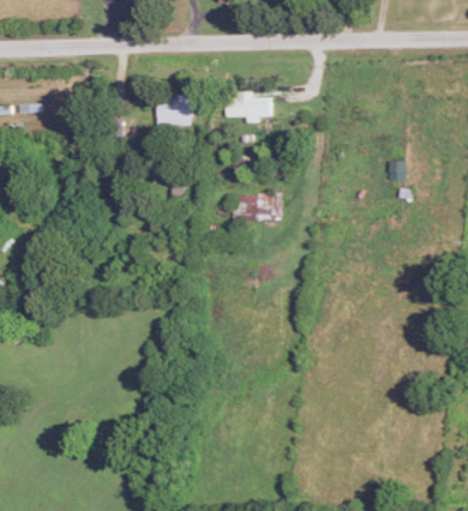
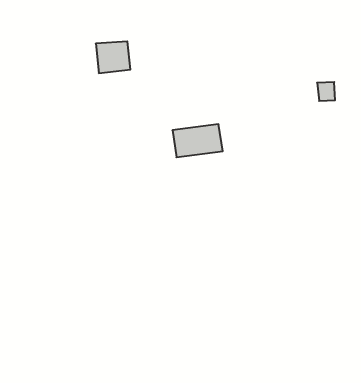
building: [228,94,271,121] -> none

